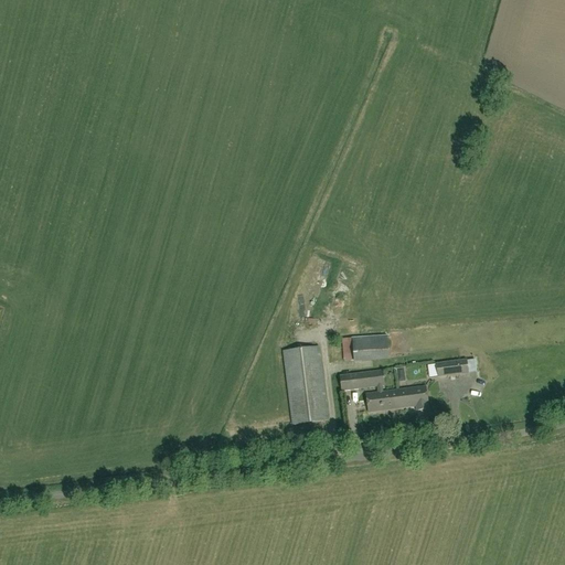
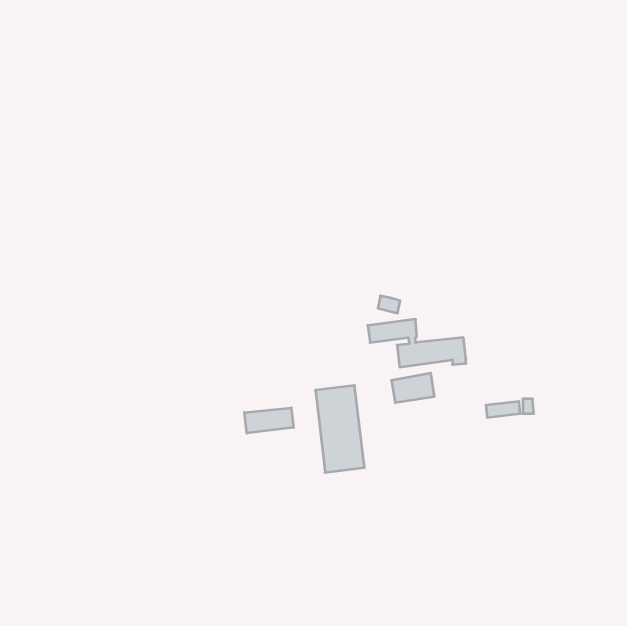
building: none -> [244,408,293,433]
building: [340,370,428,413] -> [368,319,466,367]

